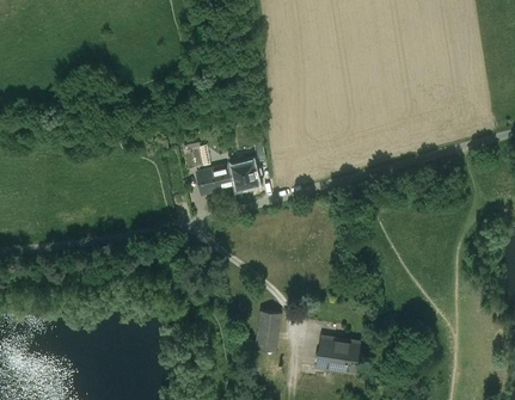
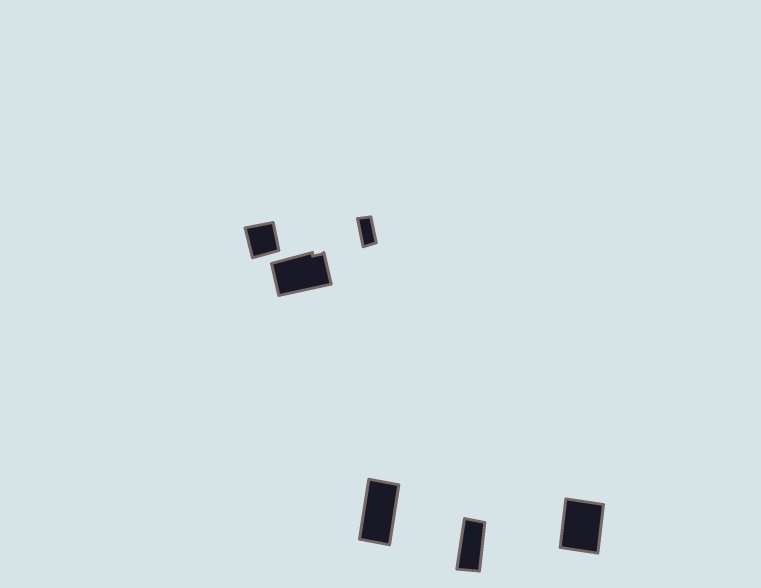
building: [232,160,258,187] -> none
building: [331,337,358,371] -> [560,499,603,553]

